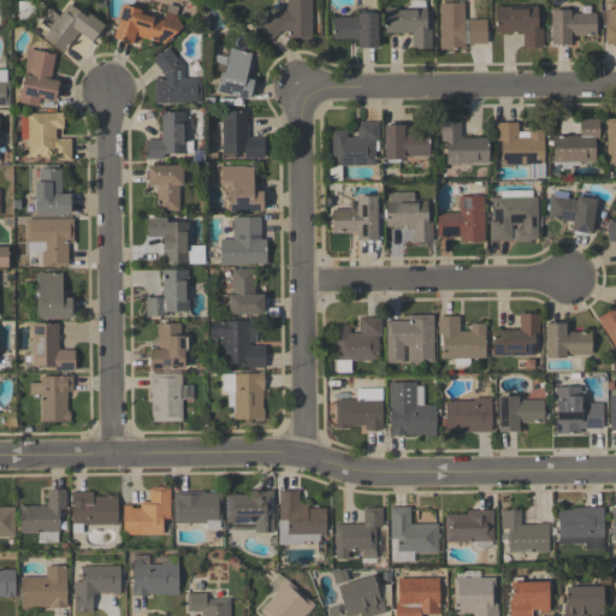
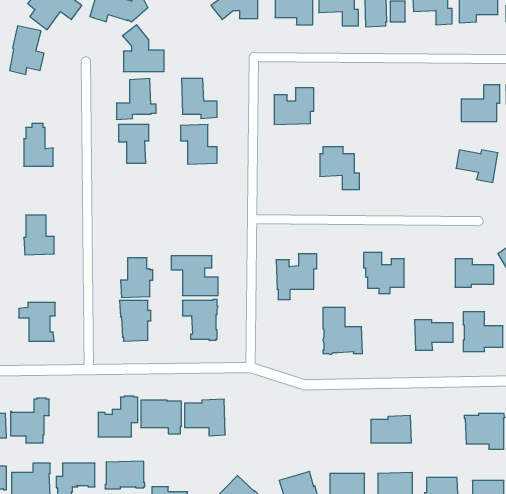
building: [217,47,255,99] -> none
building: [28,112,72,160] -> none
building: [442,122,488,164] -> none
building: [497,122,545,178] -> none
building: [385,125,430,159] -> none
building: [491,190,538,241] -> none
building: [438,195,485,242] -> none
building: [332,196,378,239] -> none
building: [221,217,267,263] -> none
building: [26,218,73,266] -> none
building: [147,218,205,263] -> none
building: [230,268,266,314] -> none
building: [147,270,189,315] -> none
building: [493,313,539,355] -> none
building: [386,314,434,362] -> none
building: [32,322,76,371] -> none
building: [337,387,383,431] -> none
building: [446,397,492,432] -> none
building: [72,491,118,533] -> none
building: [278,491,327,544] -> none
building: [390,507,439,552] -> none
building: [336,508,383,559] -> none
building: [502,509,549,552] -> none

